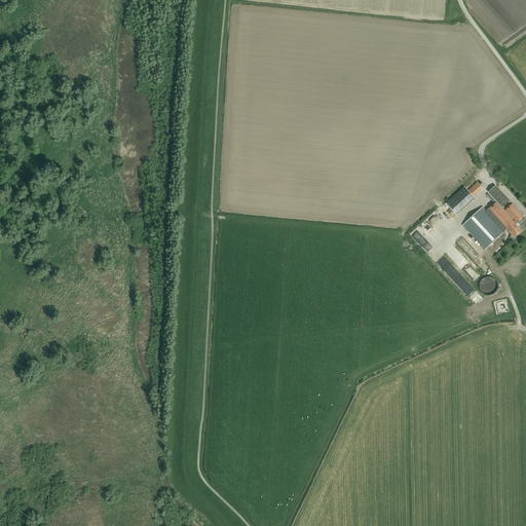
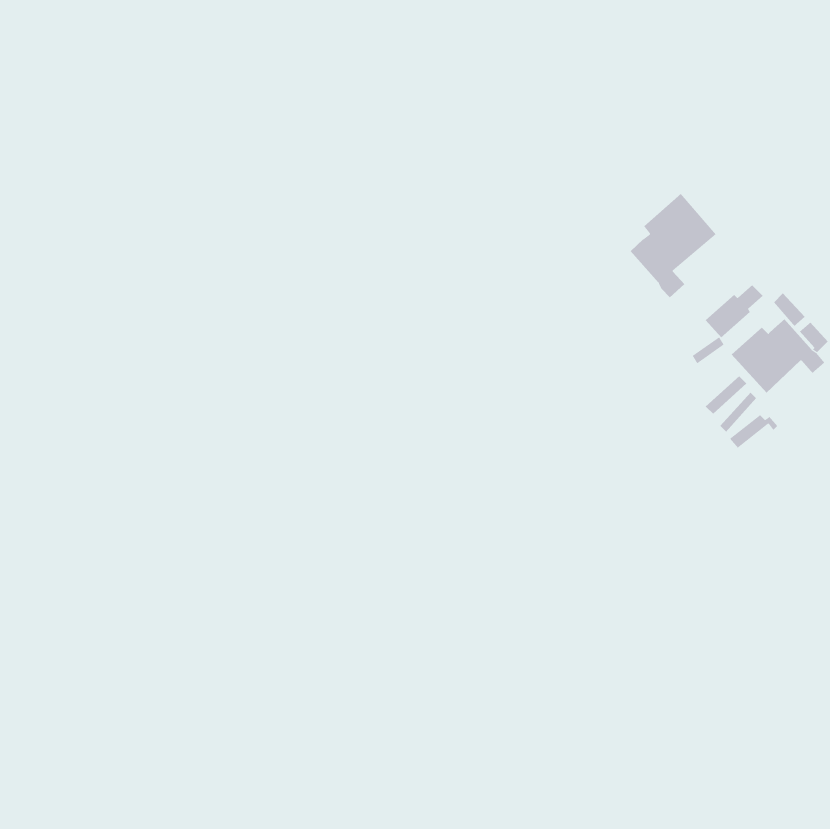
building: none -> [630,193,716,298]

